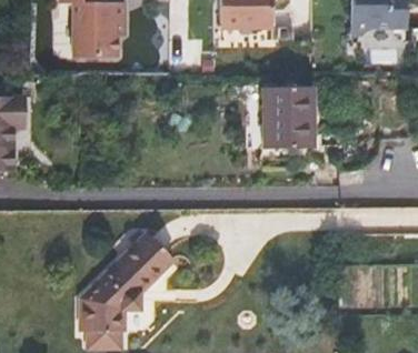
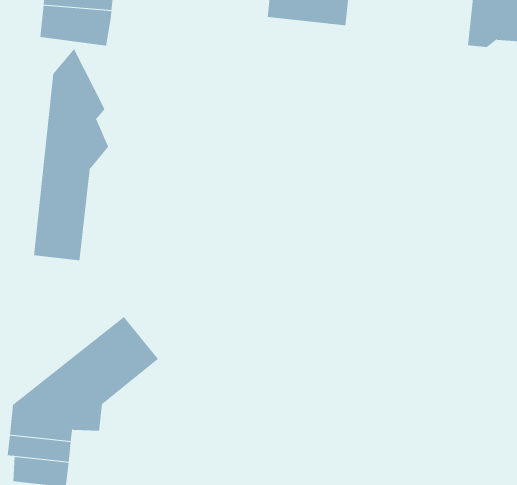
building: none -> [34,48,109,261]
building: [265,88,311,149] -> none

